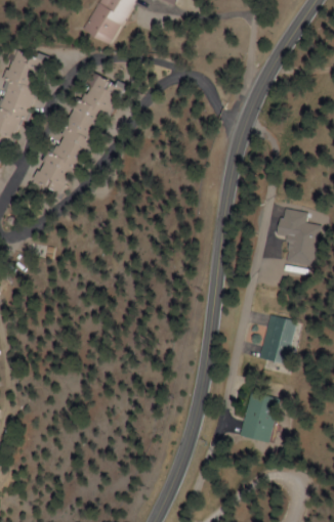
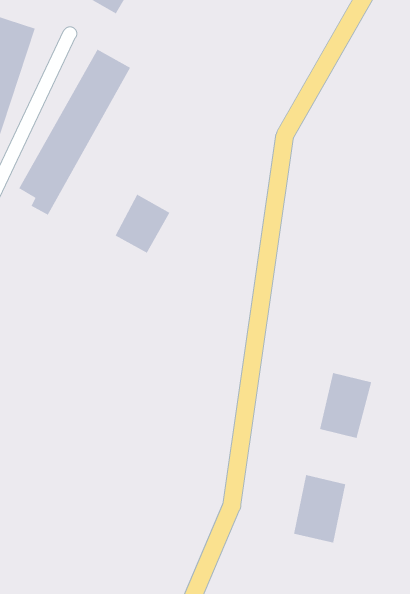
building: none -> [114,193,171,254]
building: [274,218,322,267] -> none

